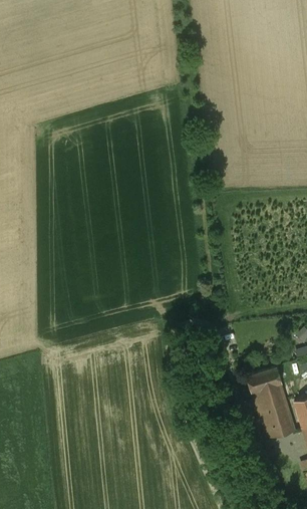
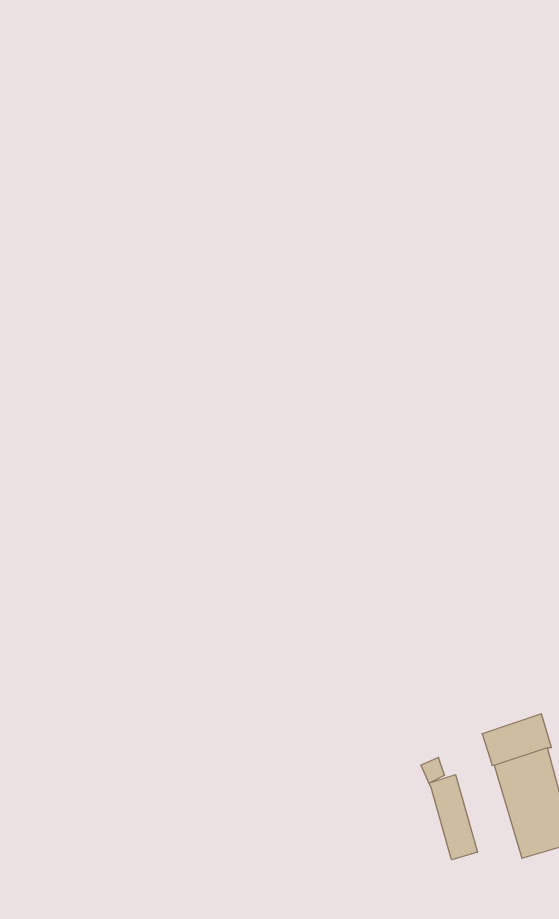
building: none -> [429,775,477,860]

